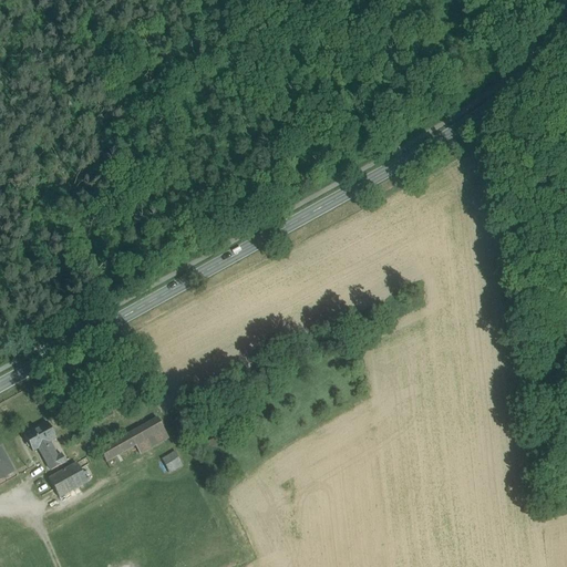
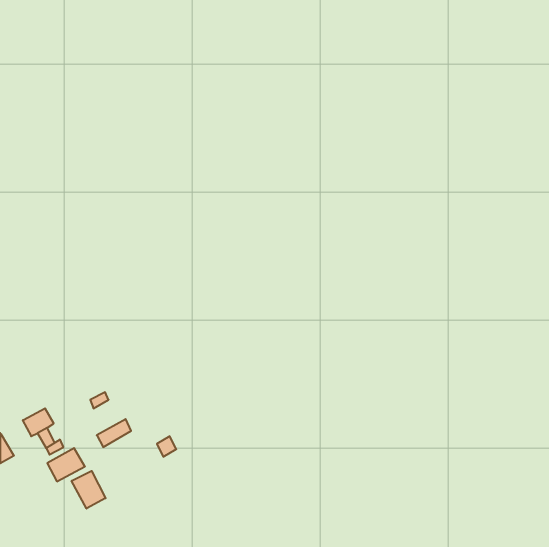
building: [130,416,168,452] -> none
building: none -> [72,471,106,509]

